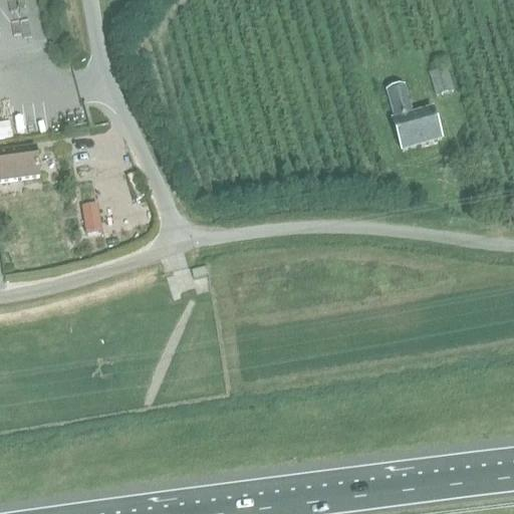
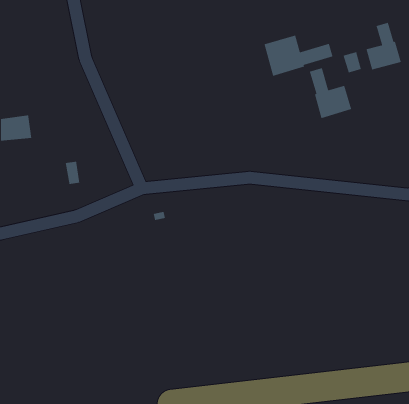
building: none -> [366,22,402,70]
building: none -> [264,35,333,77]

